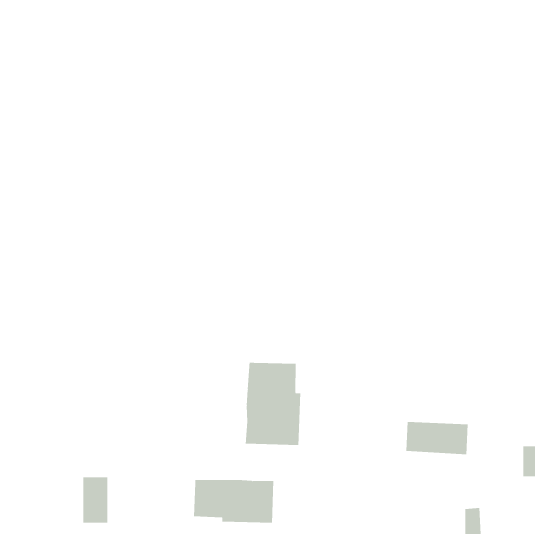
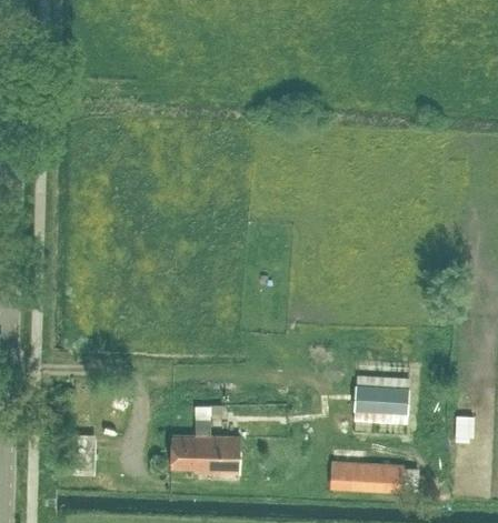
building: [245,362,301,446] -> none
building: none -> [328,463,402,494]

